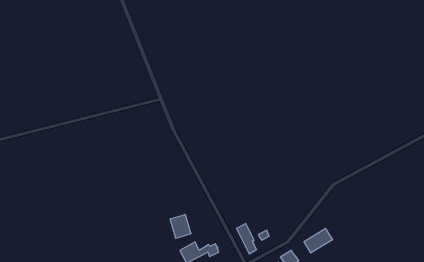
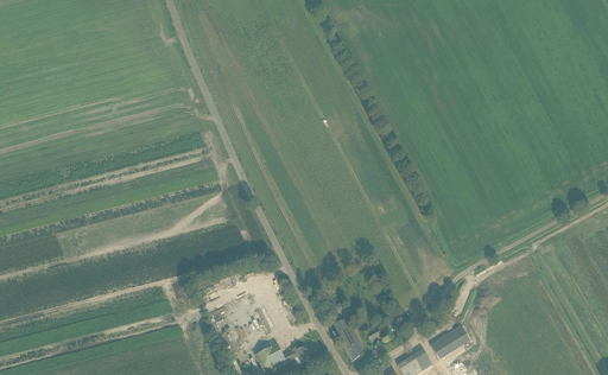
building: [170,214,191,238] -> none

